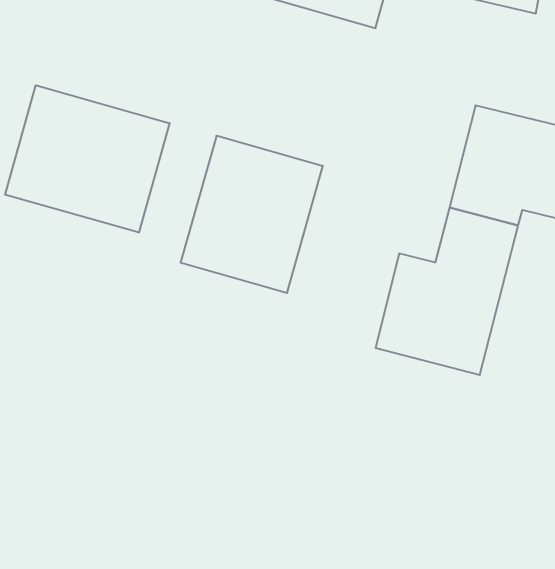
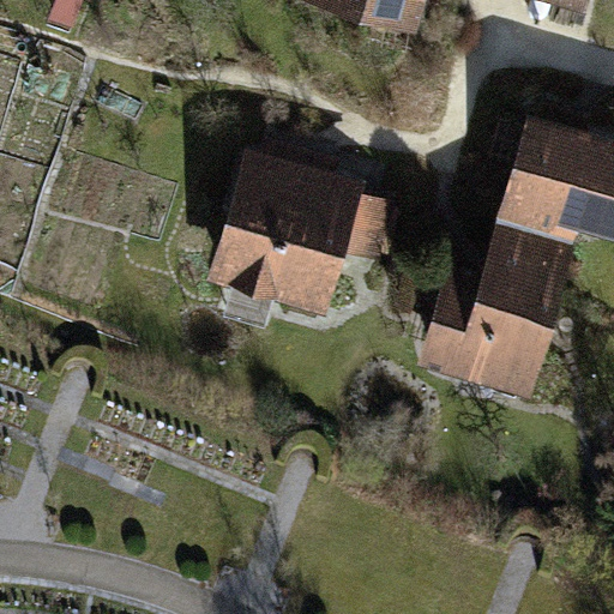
building: [5,85,170,233] -> none

